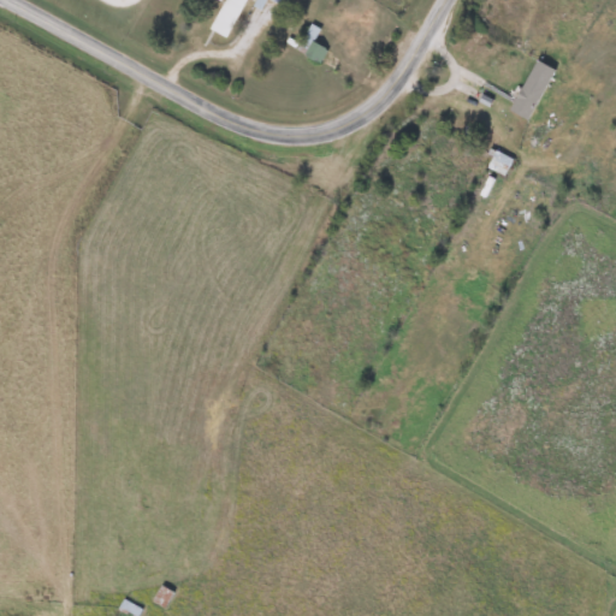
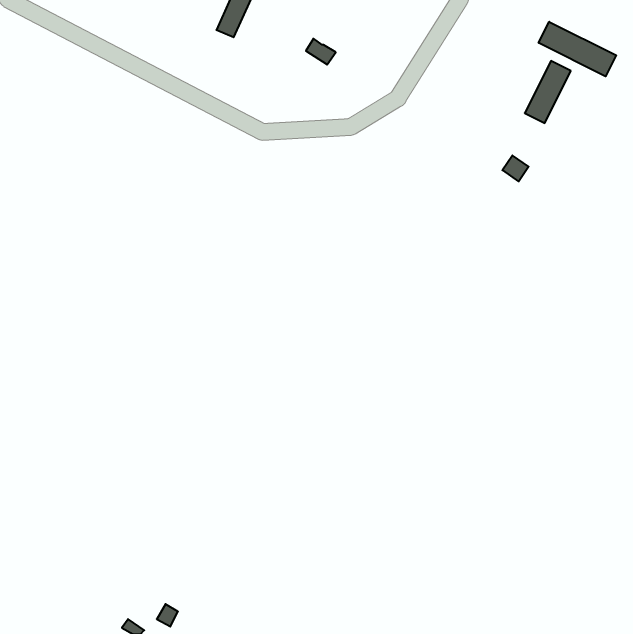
building: none -> [539,22,616,76]

